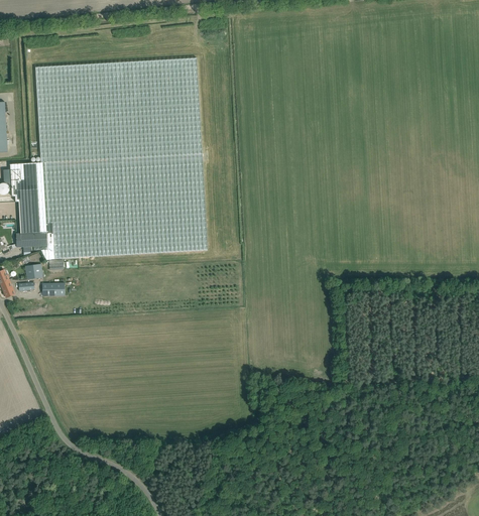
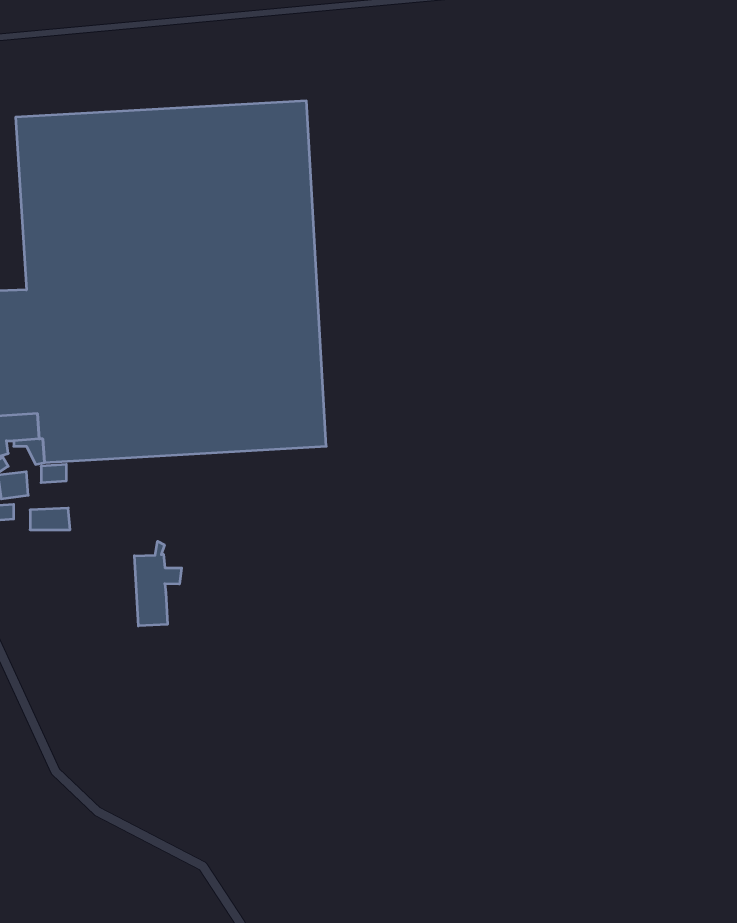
building: none -> [134,541,182,626]

